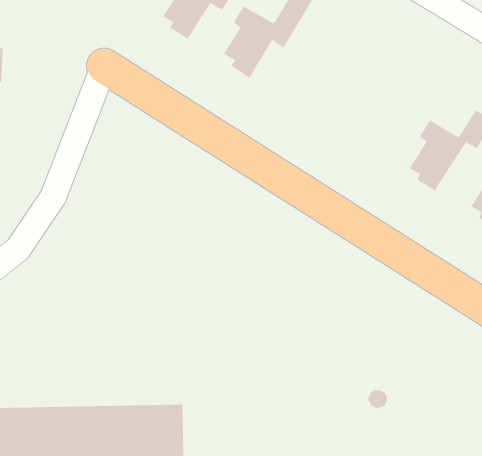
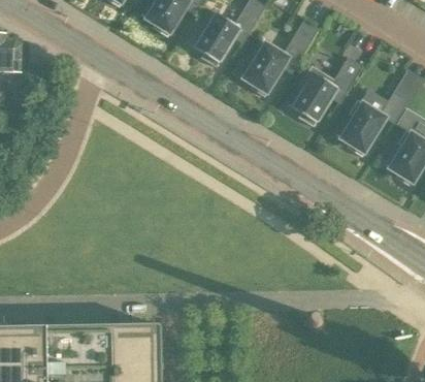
building: none -> [238,19,319,95]
building: none -> [287,55,363,125]

